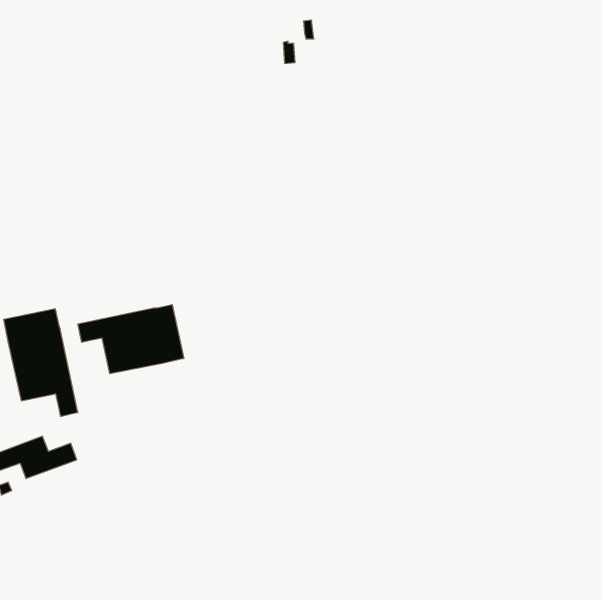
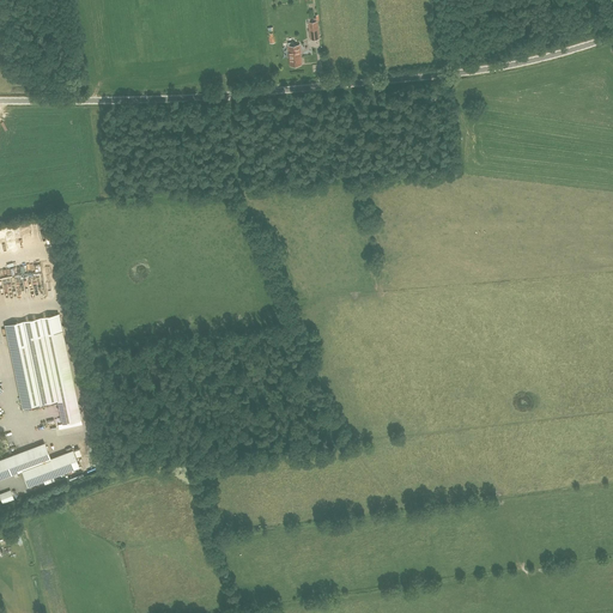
building: [78,305,184,374] -> none

